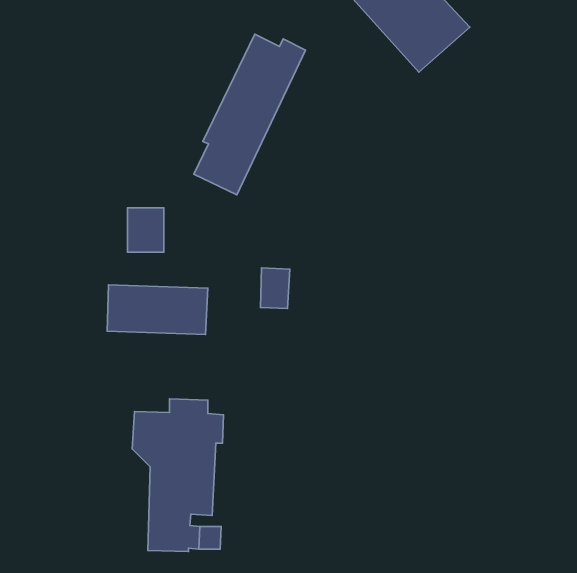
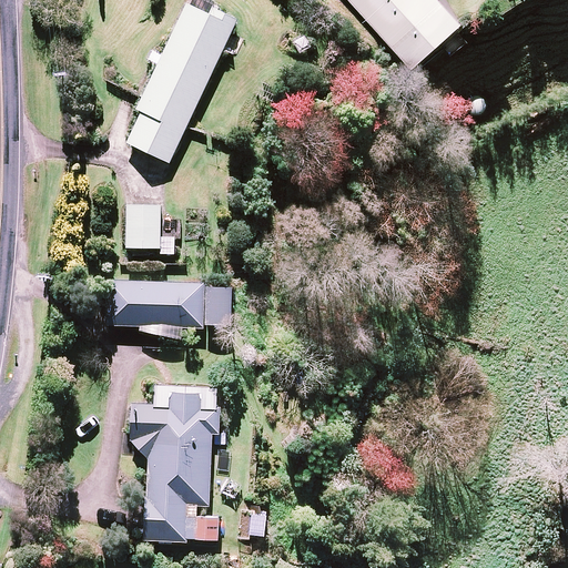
building: [194,34,306,195] -> [126,4,236,162]
building: [260,268,290,309] -> [204,287,233,327]

